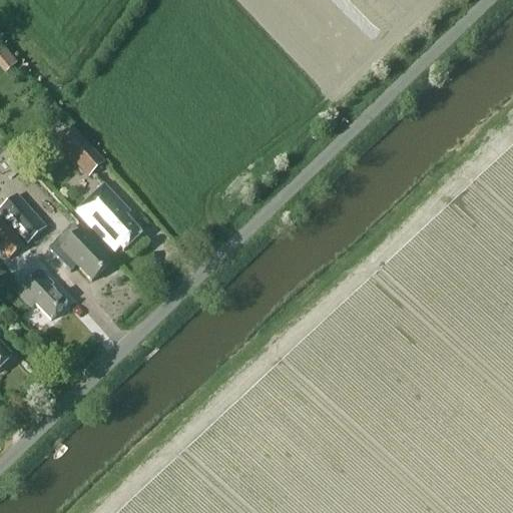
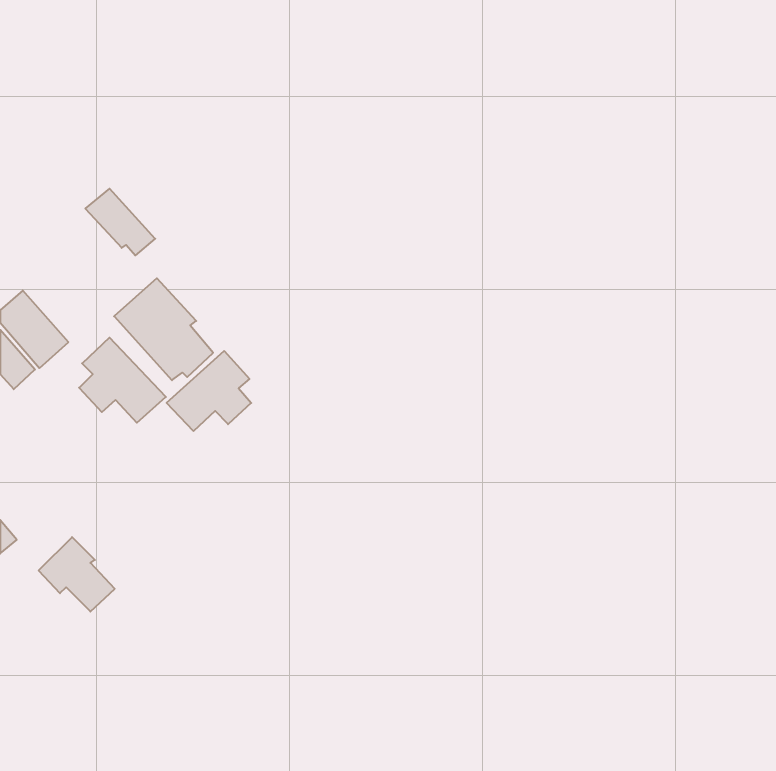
building: none -> [167,351,251,431]
building: [17,269,67,318] -> [39,537,115,612]

